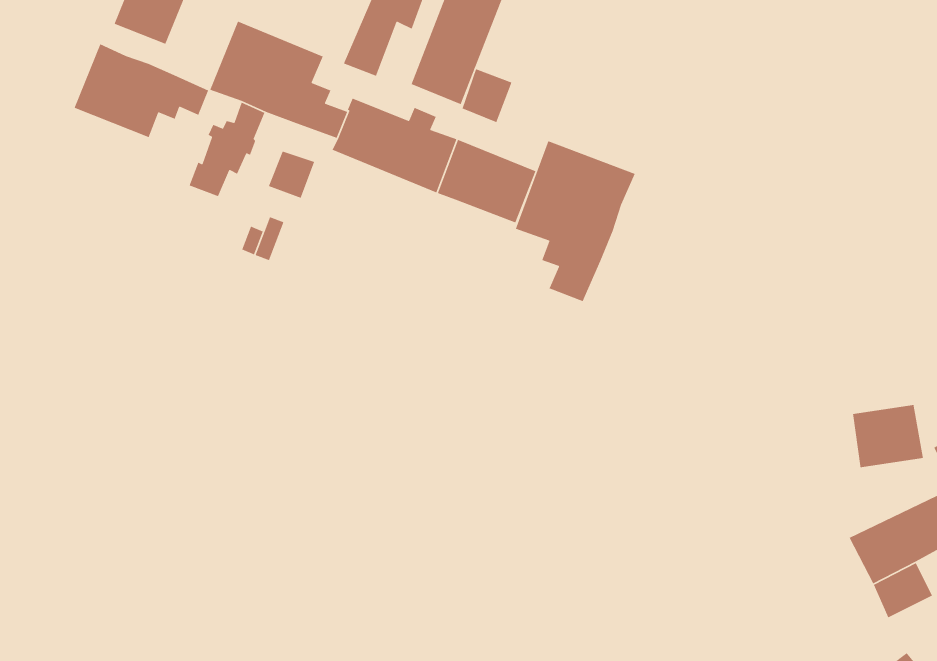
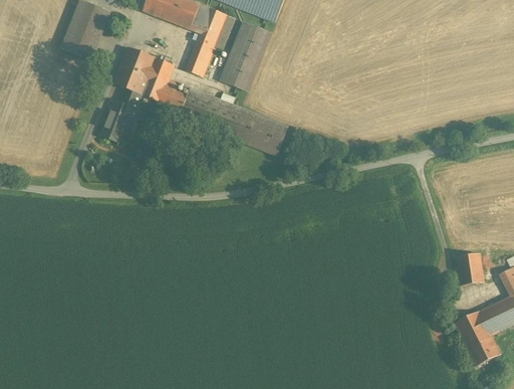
building: [74,43,209,138] -> none
building: [462,68,513,123] -> none
building: [515,140,636,302] -> none
building: [268,150,315,199] -> none

